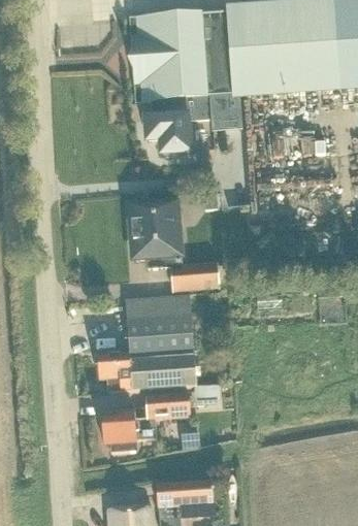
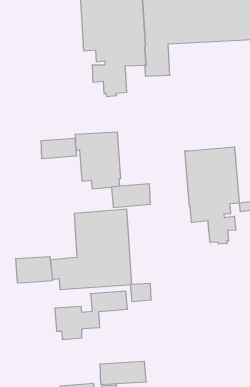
building: none -> [41,138,77,159]
building: none -> [185,147,239,244]
building: none -> [16,256,52,283]

